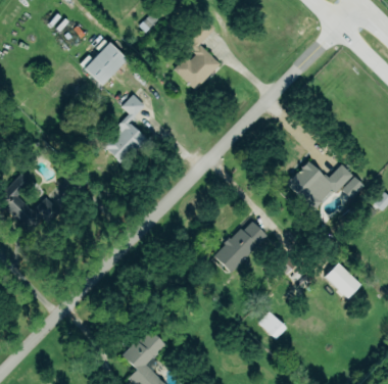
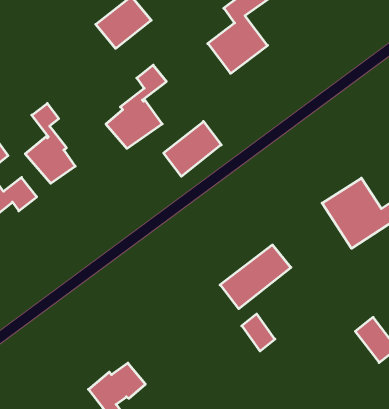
building: none -> [164,121,221,176]
building: none -> [25,103,75,183]
building: [258,311,286,340] -> [242,314,275,351]

